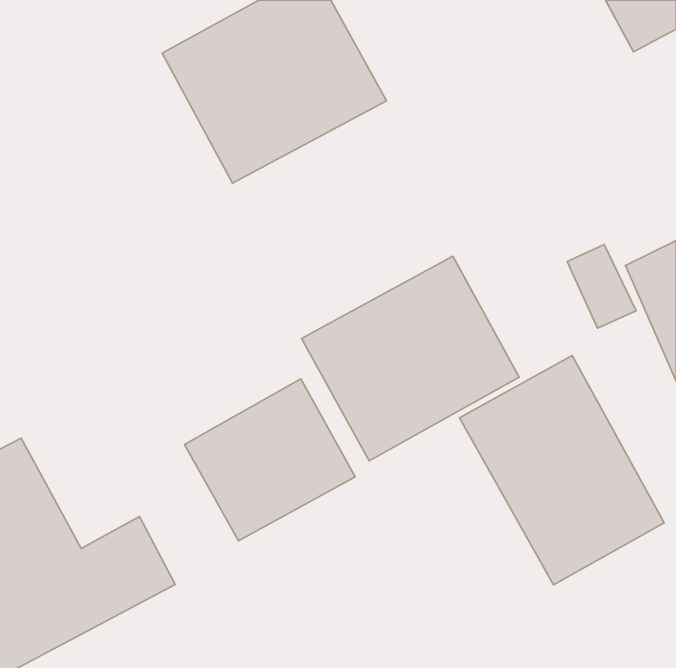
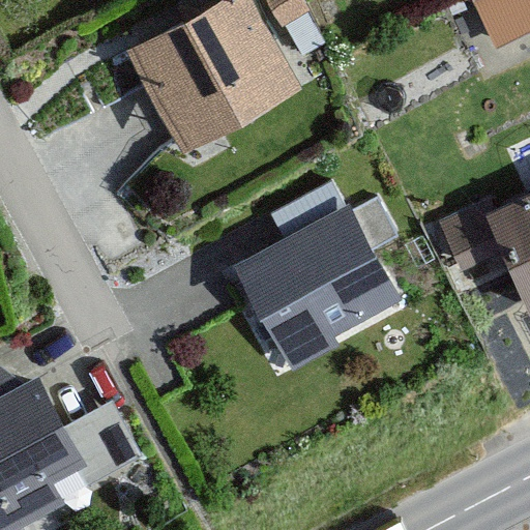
building: [460,356,664,585] -> none
building: [185,379,355,541] -> none

